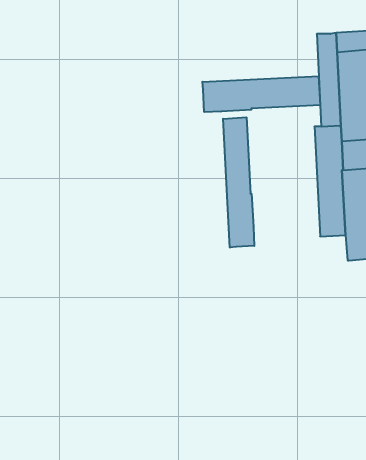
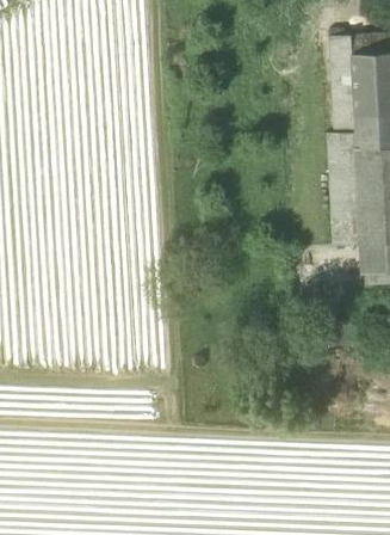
building: [202,76,320,112] -> none
building: [223,117,254,248] -> none

